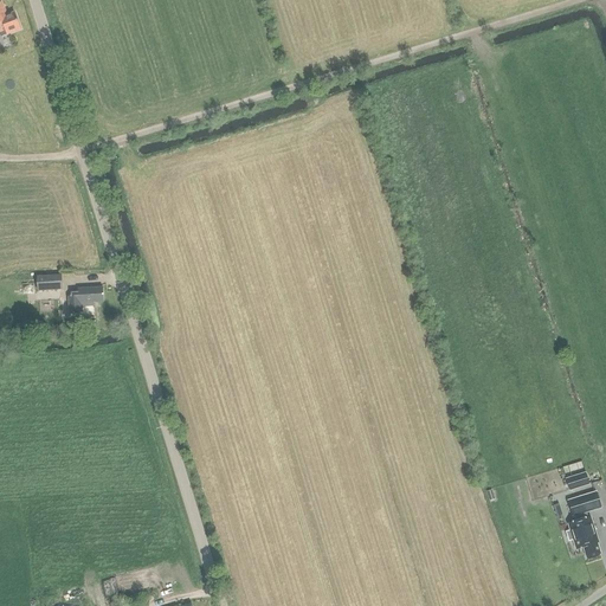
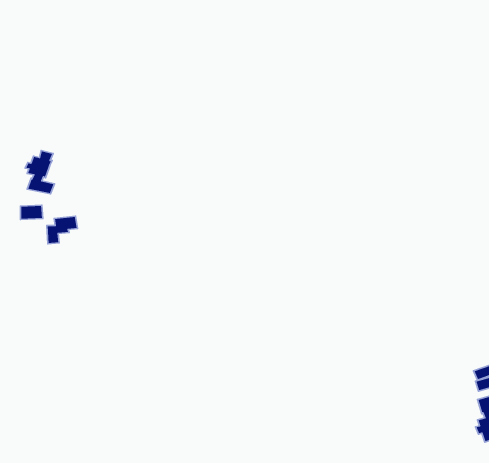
building: none -> [25,151,54,194]

